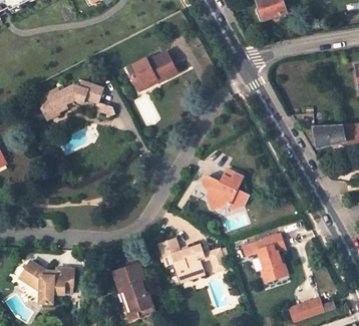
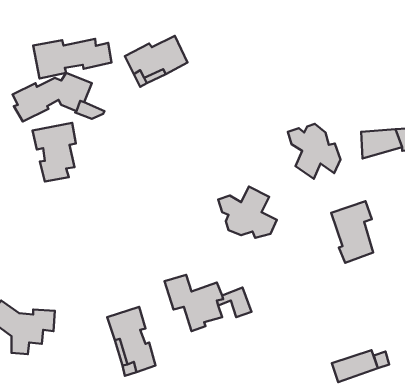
building: none -> [33,39,112,79]
building: none -> [33,123,76,182]
building: none -> [288,124,341,179]
building: [253,233,286,281] -> [331,201,373,263]

